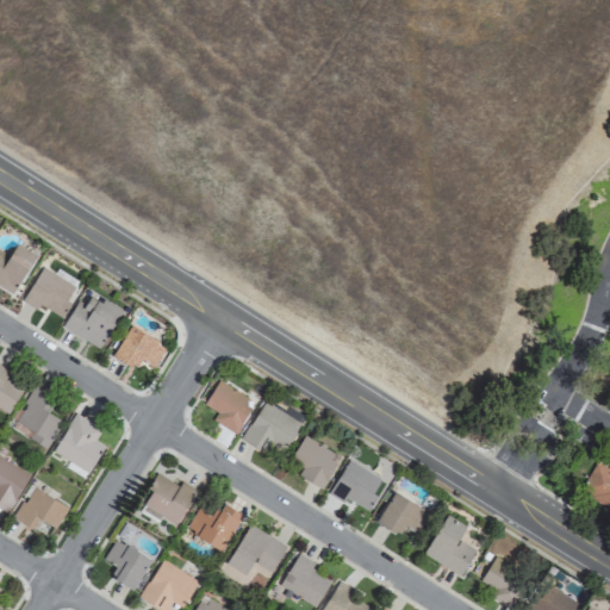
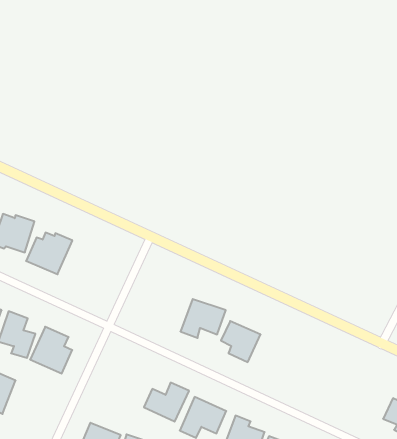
building: [114,326,169,371] -> none
building: [206,382,256,435] -> none
building: [331,460,384,511] -> none
building: [143,477,199,528] -> none
building: [15,487,70,530] -> none
building: [378,492,431,535] -> none
building: [425,515,477,575] -> none

